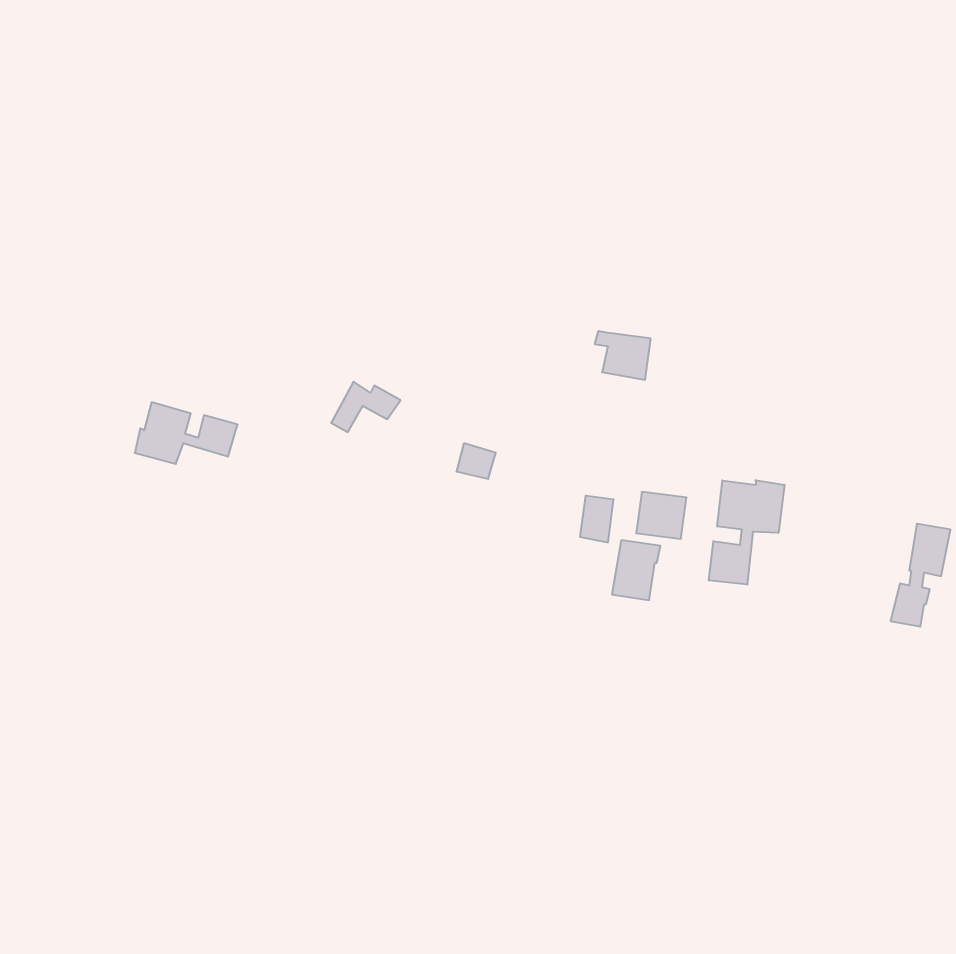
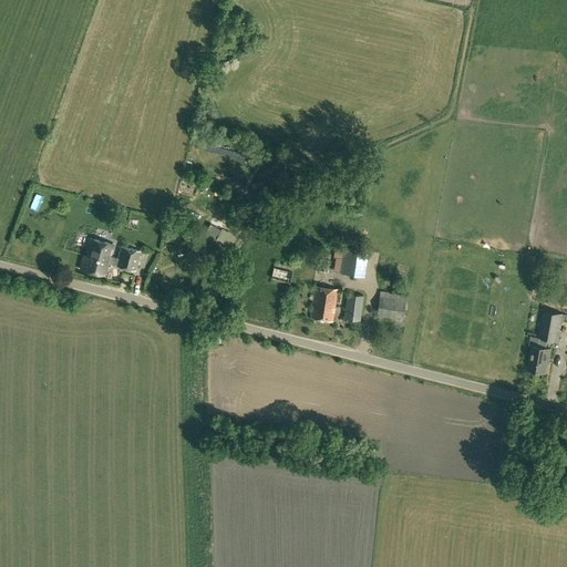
building: [595,331,651,380] -> [333,248,367,277]
building: [709,480,784,585] -> none
building: [612,540,660,600] -> [310,287,339,322]

